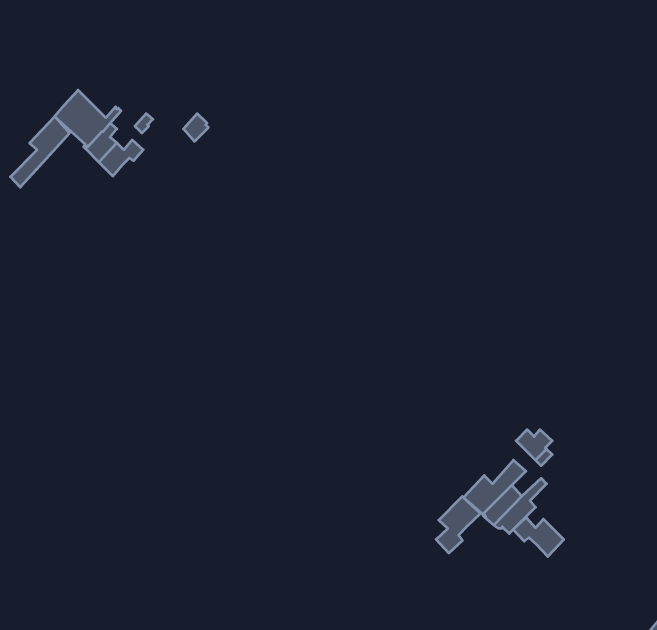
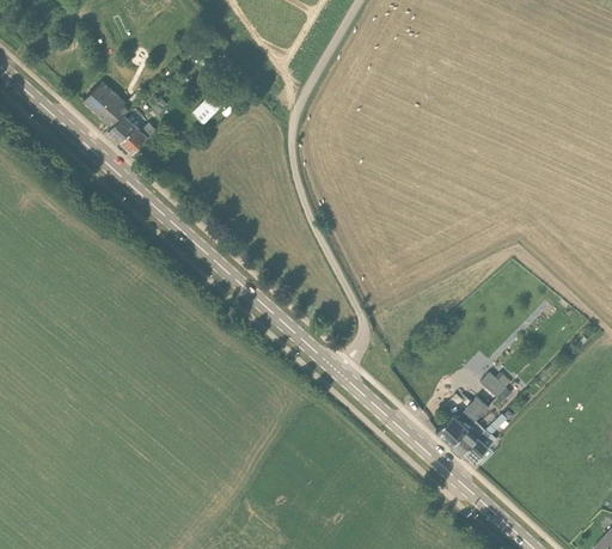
building: [10,117,69,187] -> none
building: [436,496,481,553] -> none
building: [513,517,564,557] -> none

